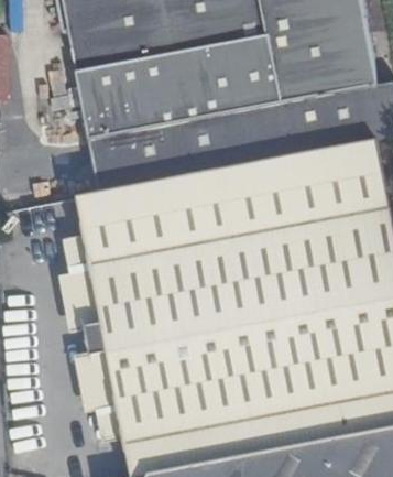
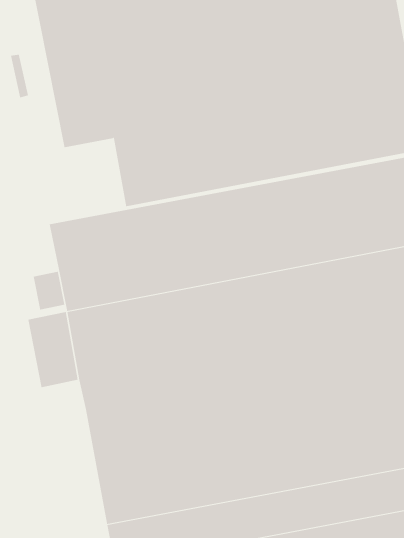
building: [89,130,140,194] -> none
building: [75,353,123,446] -> none

